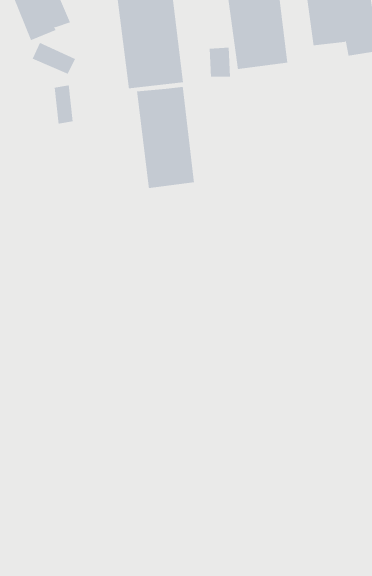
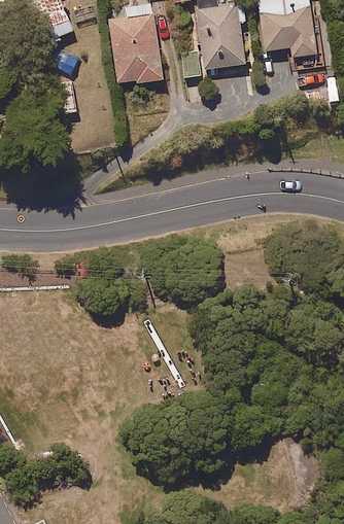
building: [136,86,195,189] -> none

